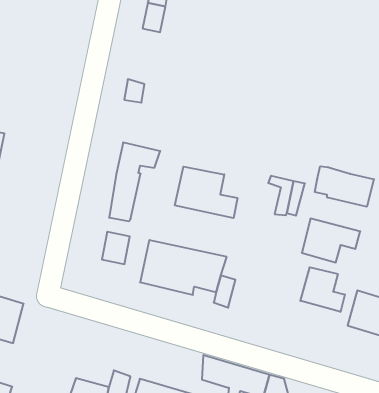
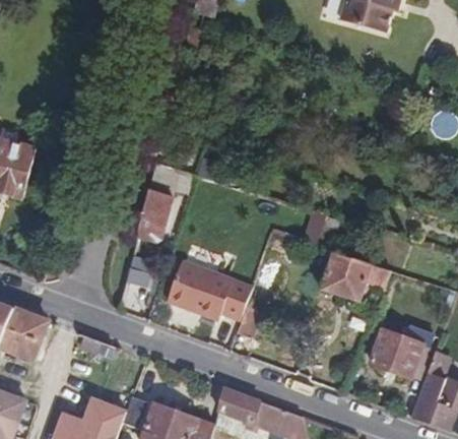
building: [315,166,374,207] -> none
building: [175,167,237,218] -> none
building: [300,267,345,312] -> none

